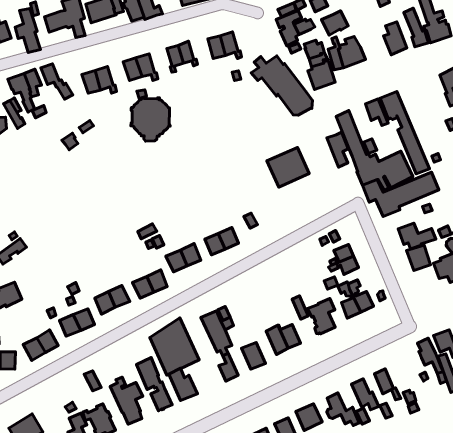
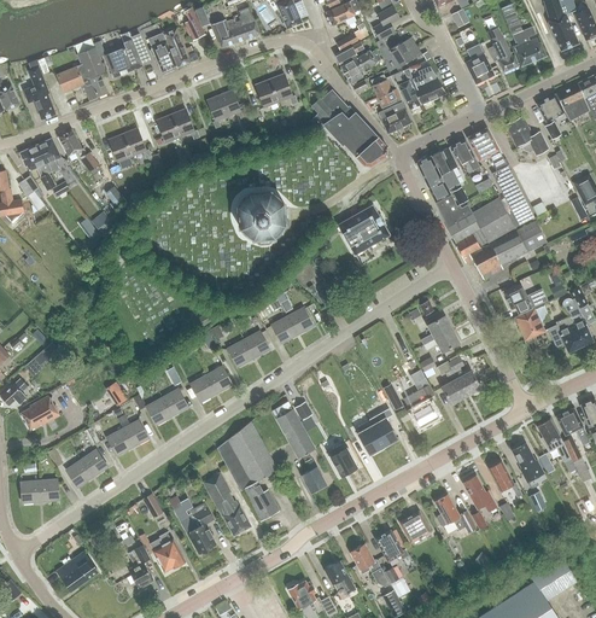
building: none -> [504,115,548,154]
building: [131,97,170,141] -> [238,191,286,244]
building: [327,132,348,167] -> [431,146,458,188]
building: none -> [512,442,543,480]

